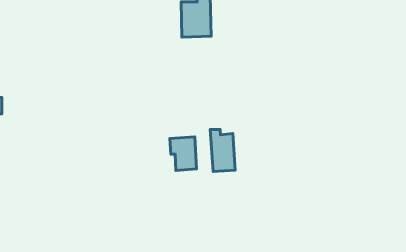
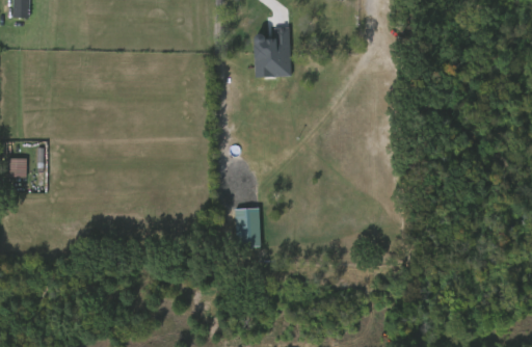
building: [210,129,235,172] -> none

